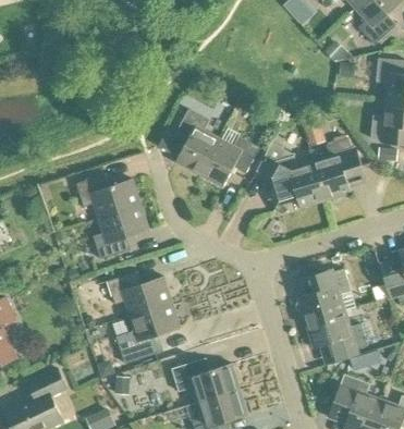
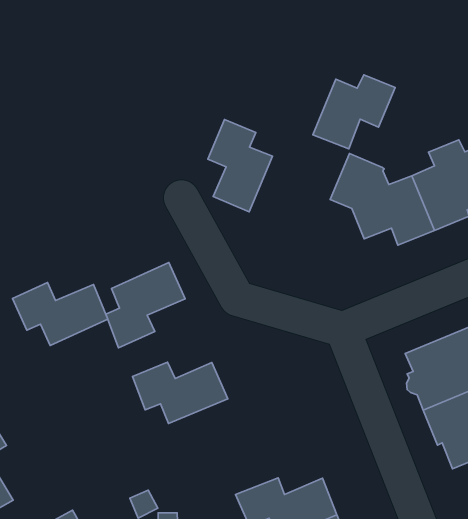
building: [199,136,259,186] -> [313,75,395,149]
building: [76,174,140,218] -> [13,282,108,345]
building: [117,302,180,363] -> none

